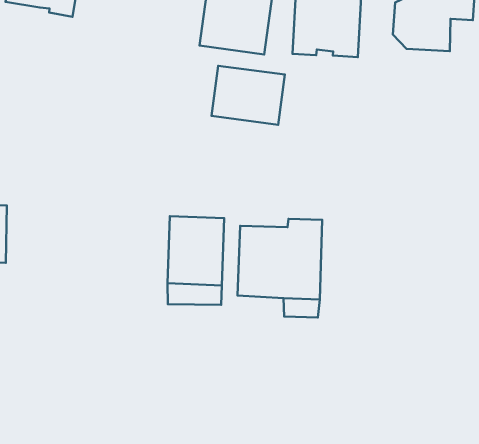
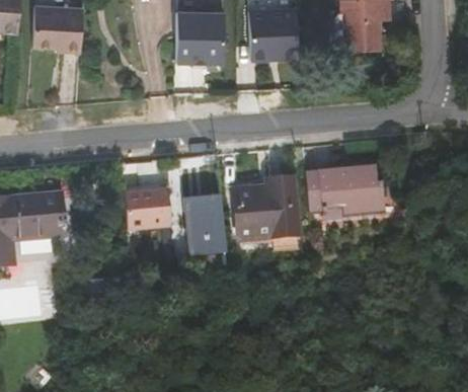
building: [211,66,285,125] -> none
building: none -> [303,165,373,208]
building: none -> [124,188,171,235]

